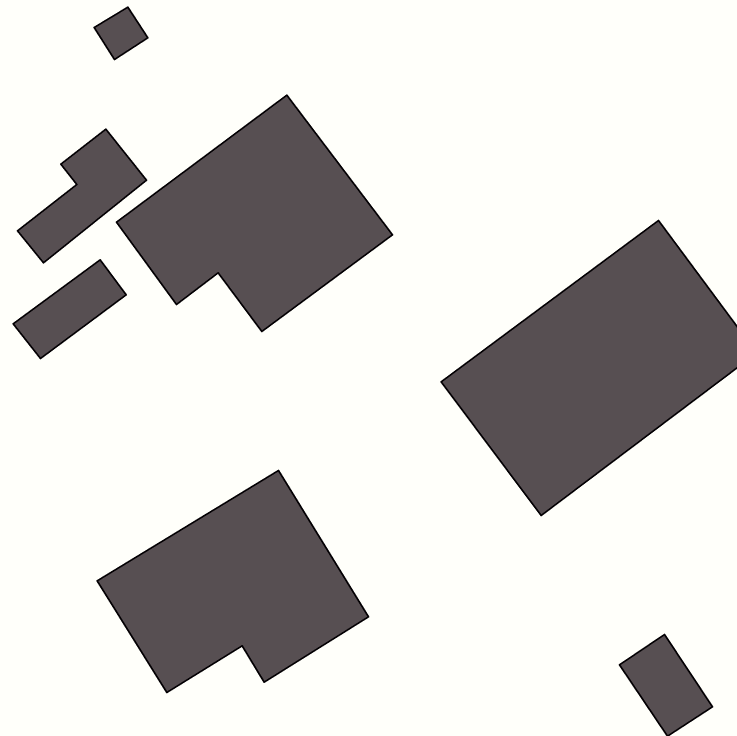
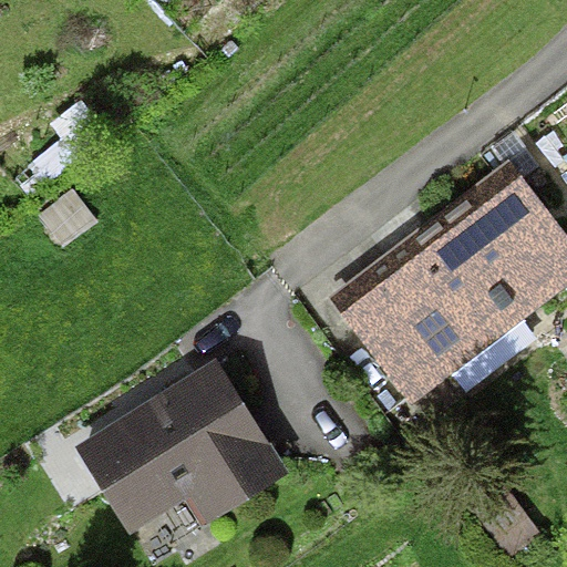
building: [117,95,393,332] -> none

